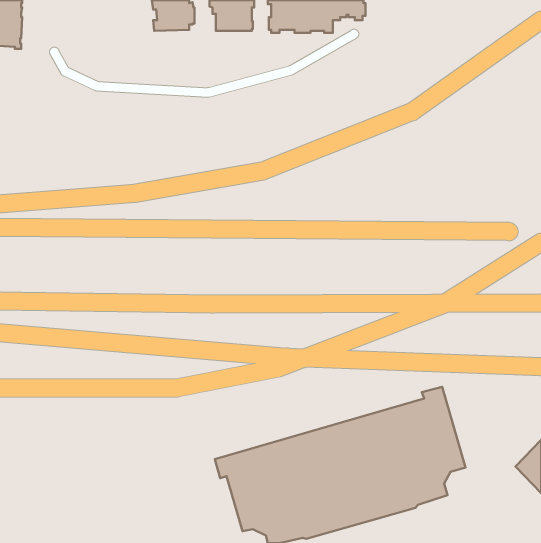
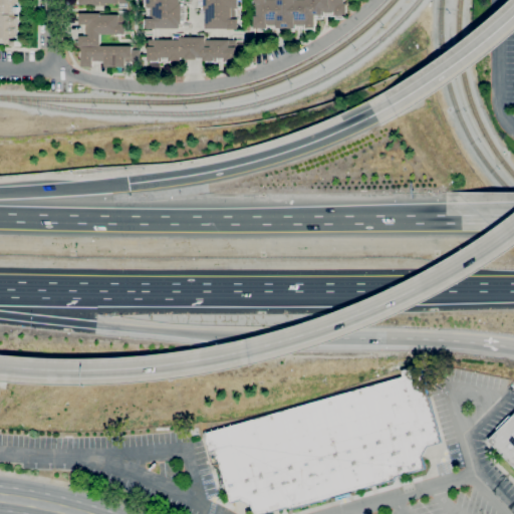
building: none -> [77,13,139,67]
building: none -> [147,35,243,63]

